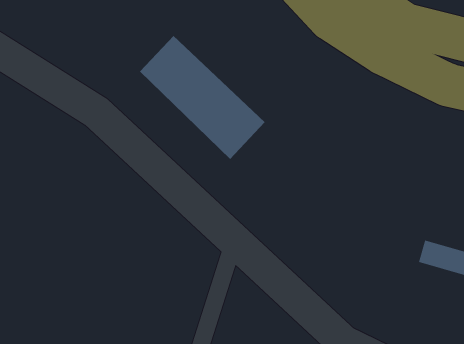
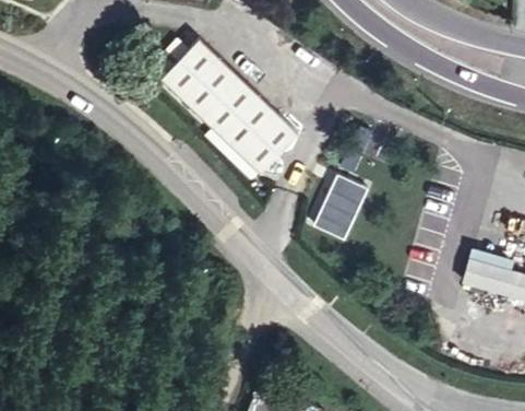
building: none -> [312,174,369,240]

